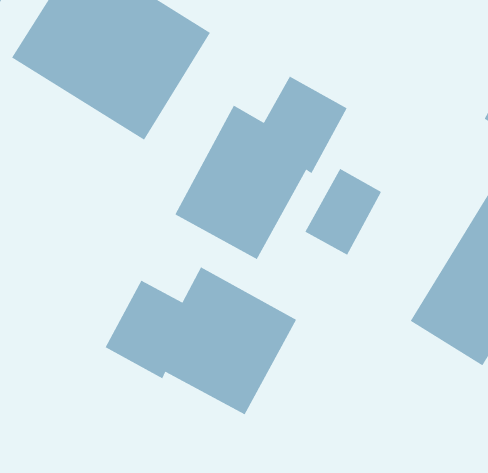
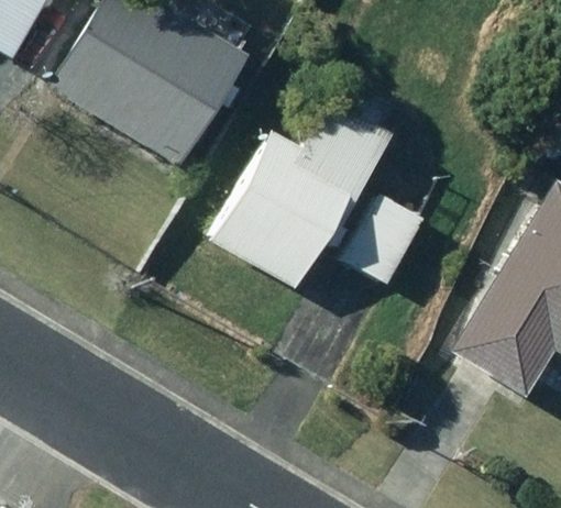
building: [105,266,297,415] -> none

